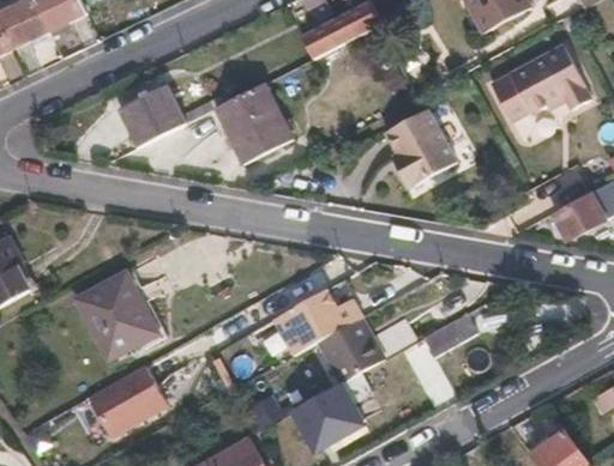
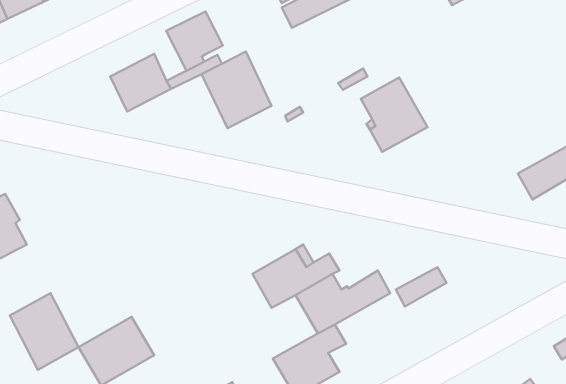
building: none -> [166,11,223,71]
building: [490,44,588,121] -> none
building: [80,274,154,356] -> [10,293,79,370]

